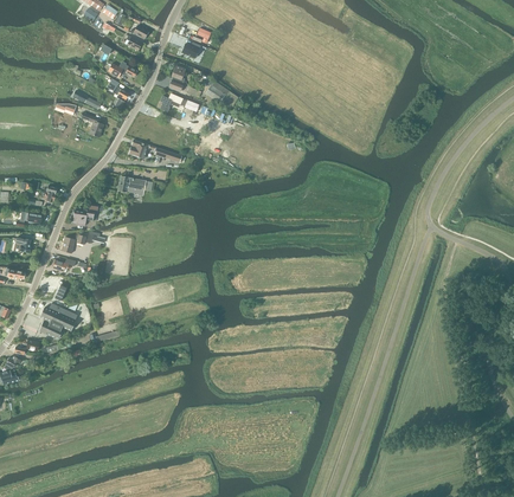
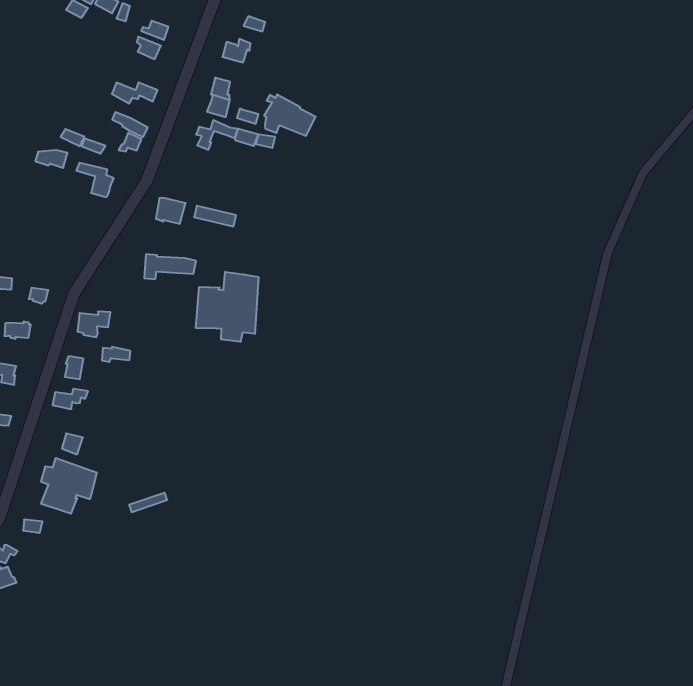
building: none -> [196,272,259,342]

